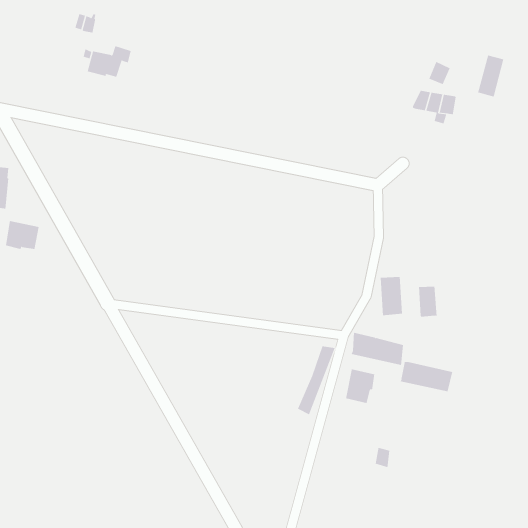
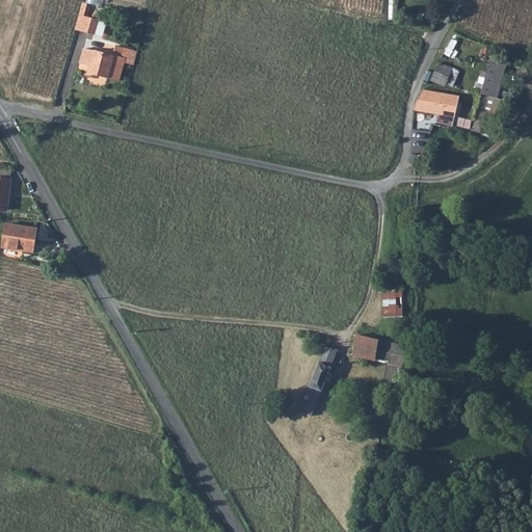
building: [419,286,437,317] -> none
building: [400,361,453,392] -> none
building: [345,368,375,404] -> none

